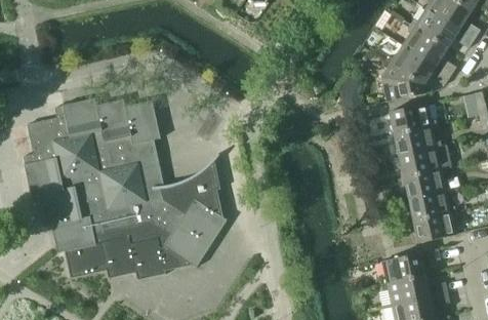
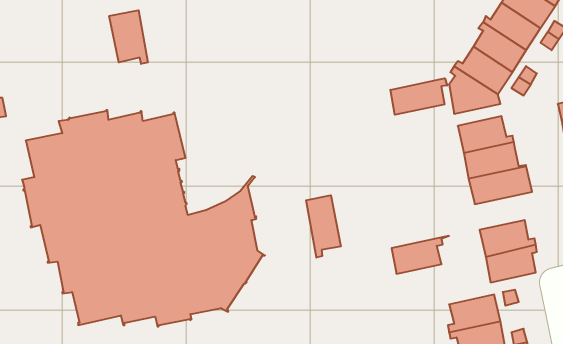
building: none -> [109,10,148,64]
building: none -> [390,78,447,115]
building: [404,166,452,198] -> [392,236,449,274]
building: none -> [306,195,341,258]

